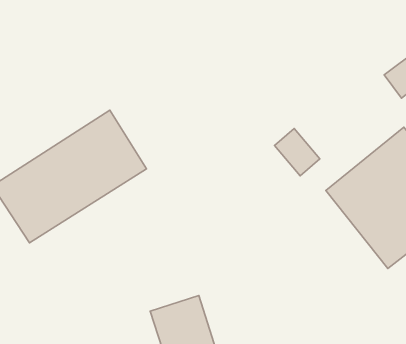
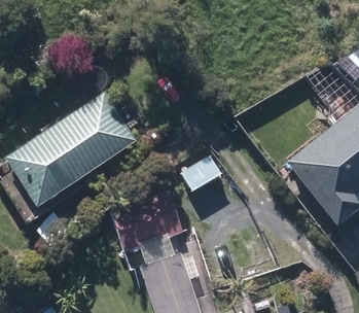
building: none -> [108,192,181,250]

